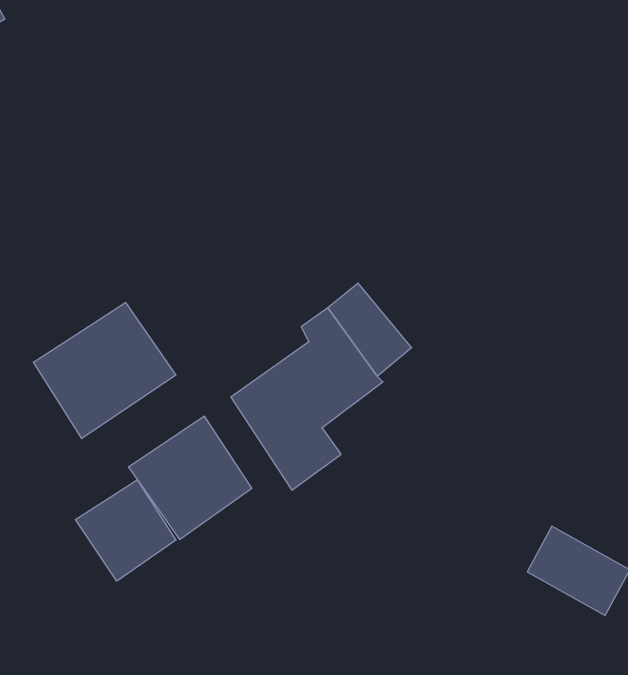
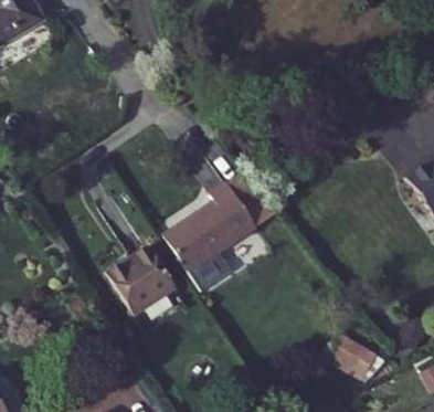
building: [33,303,176,439] -> none
building: [75,480,176,581] -> none

